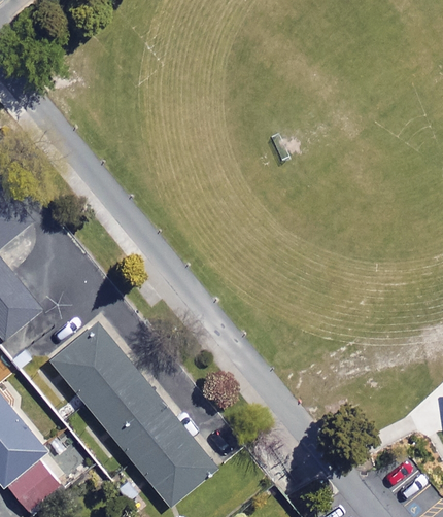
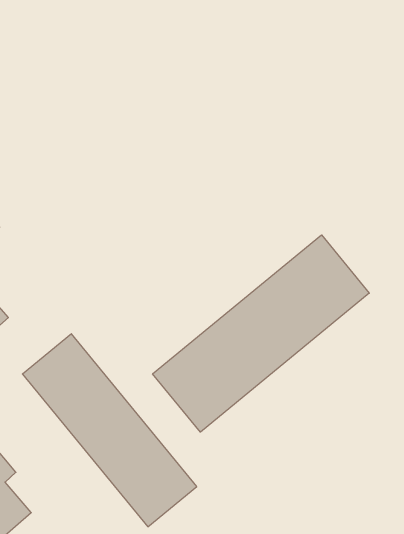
building: none -> [153,235,369,432]

